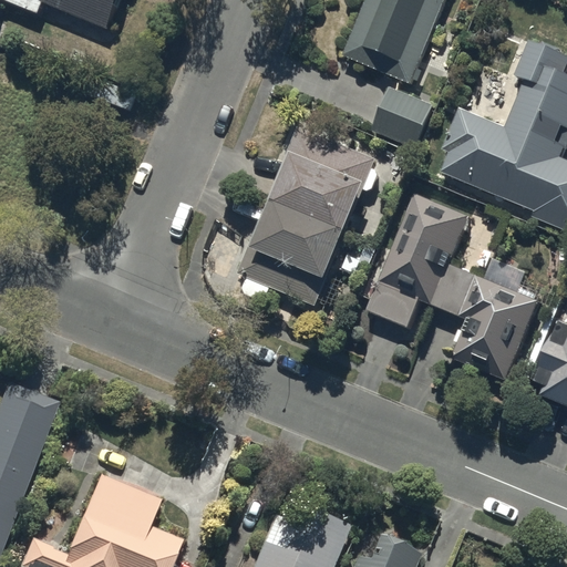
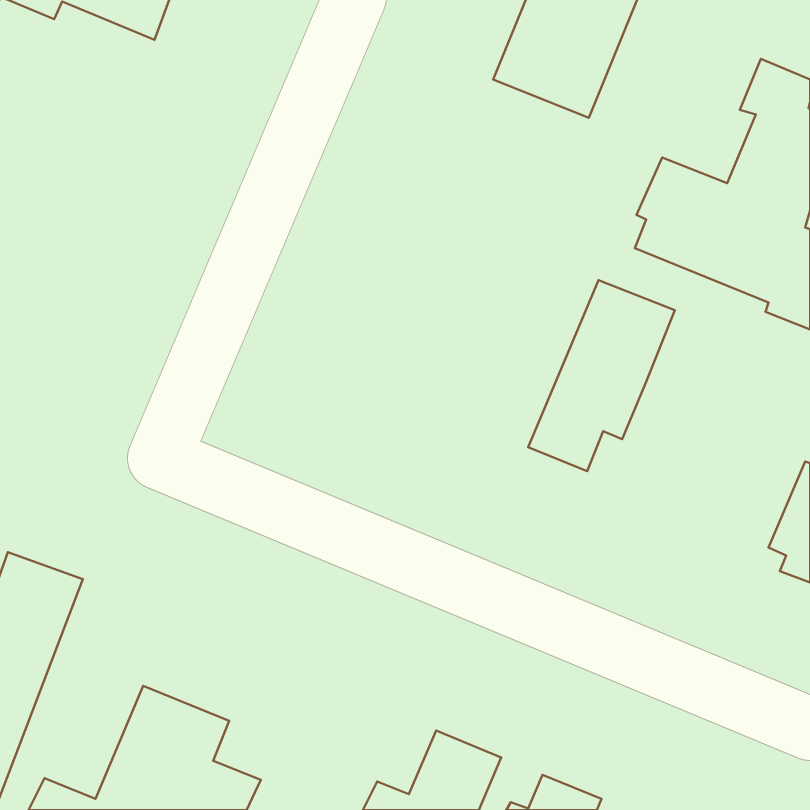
building: [373,89,433,147] -> none
building: [239,128,375,306] -> none
building: [433,266,538,381] -> none

